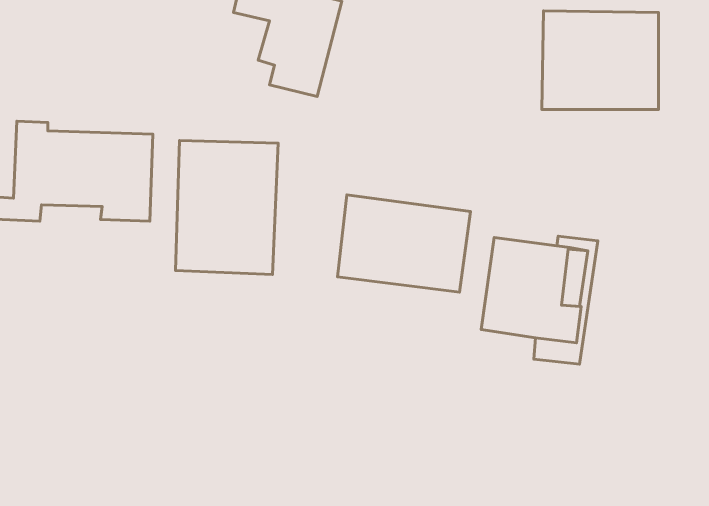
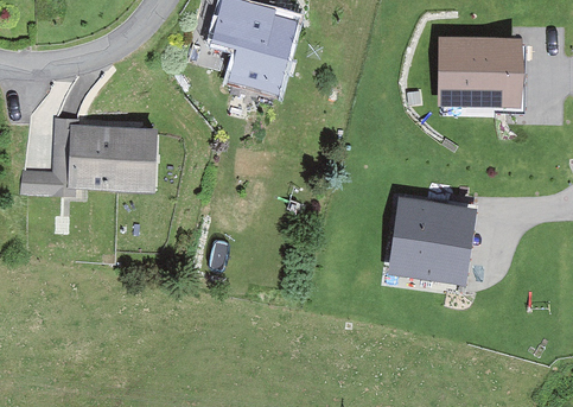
building: [176,141,278,275] -> none
building: [338,195,470,292] -> none

